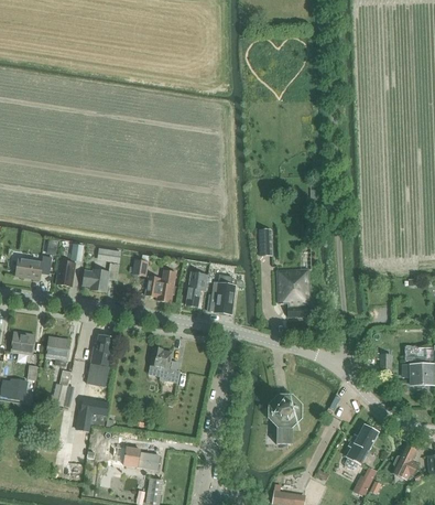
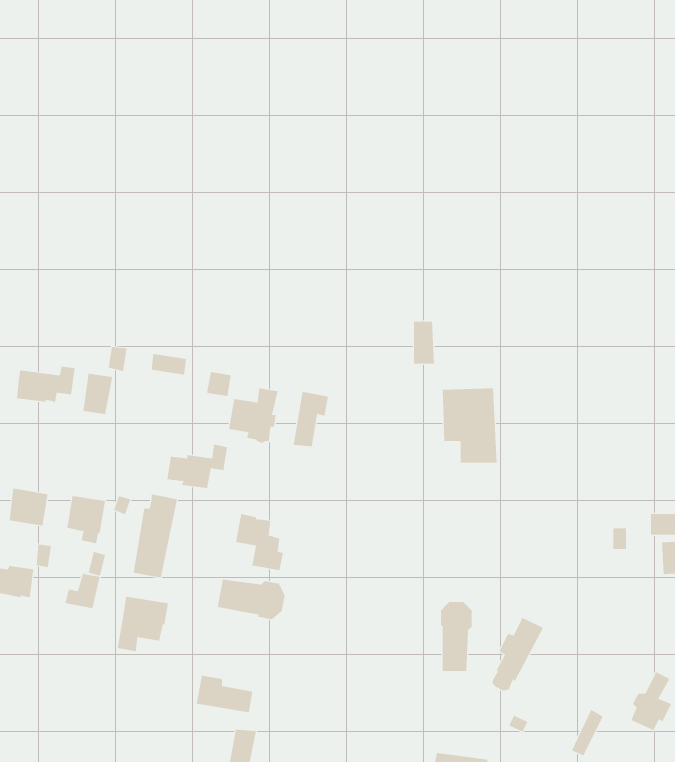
building: [83,262,120,290] -> [167,444,228,489]
building: [207,275,236,313] -> none
building: none -> [217,579,285,620]
building: [345,425,377,470] -> [492,617,544,691]

